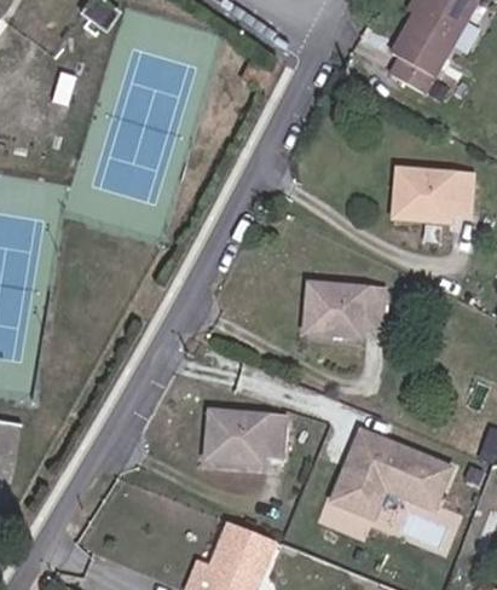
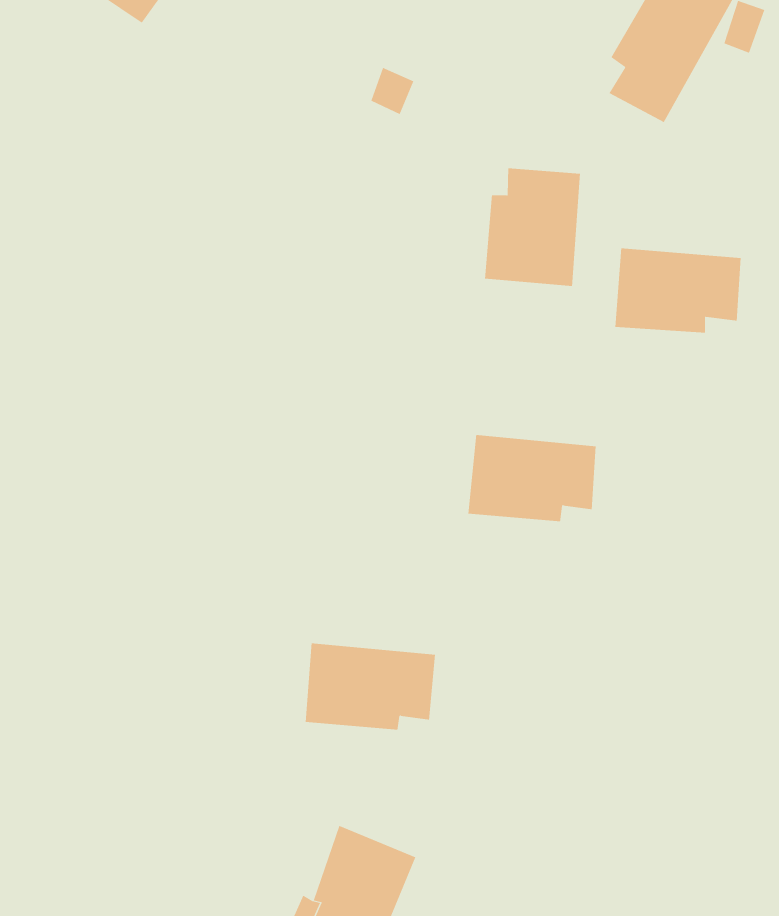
building: none -> [485,168,580,287]
building: [326,429,456,531] -> none

